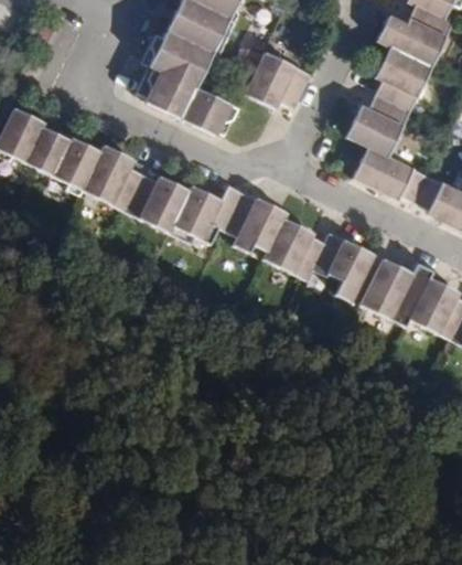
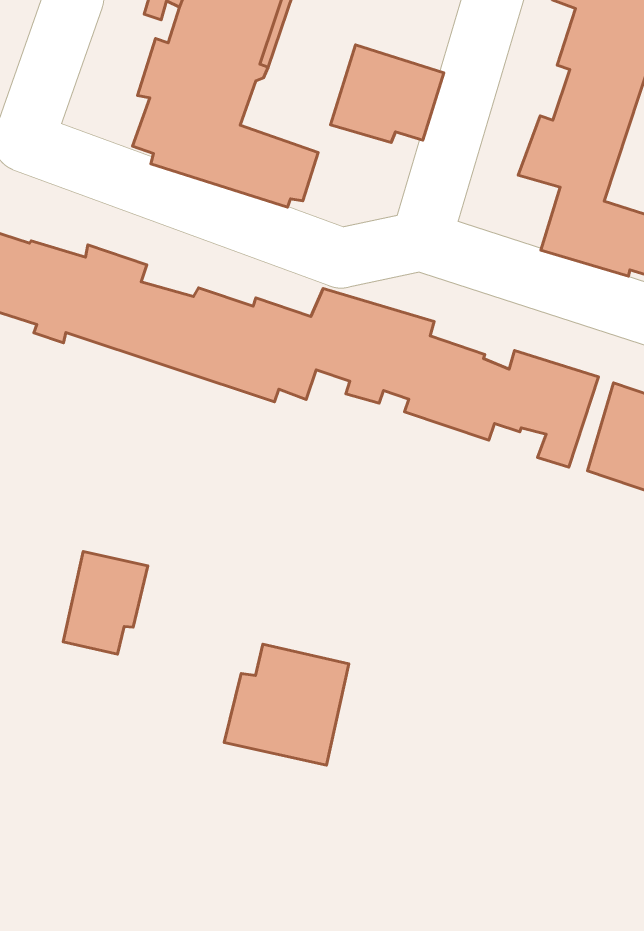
building: none -> [63,551,148,654]
building: none -> [224,644,349,765]

